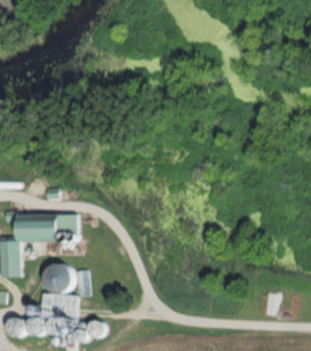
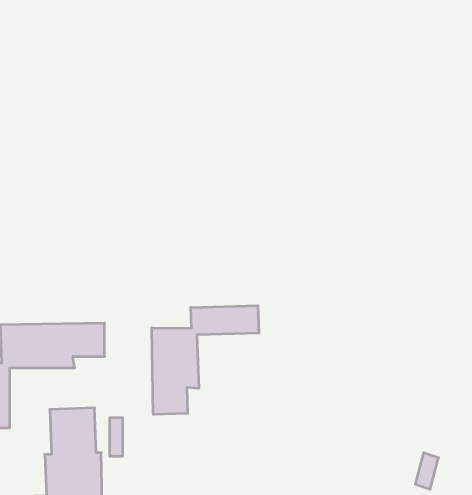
building: none -> [152,306,259,414]

